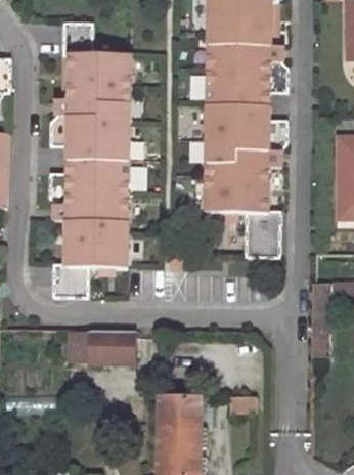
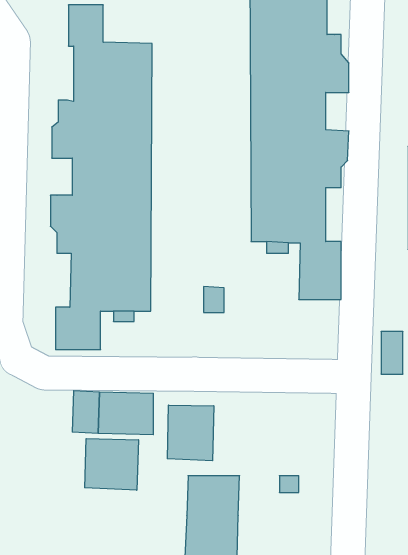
building: none -> [167,405,214,461]
building: none -> [85,439,138,490]

